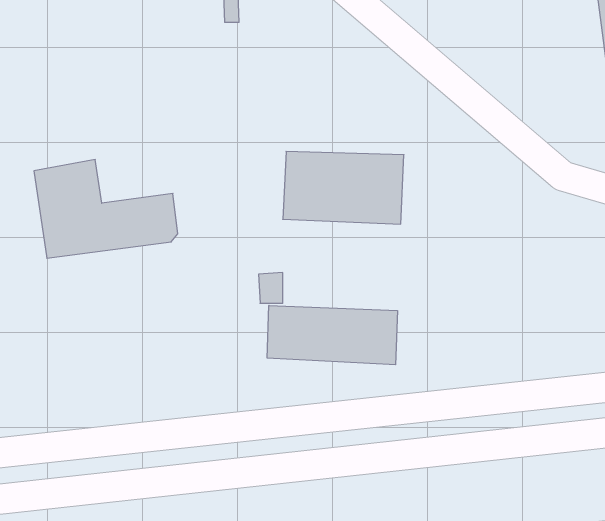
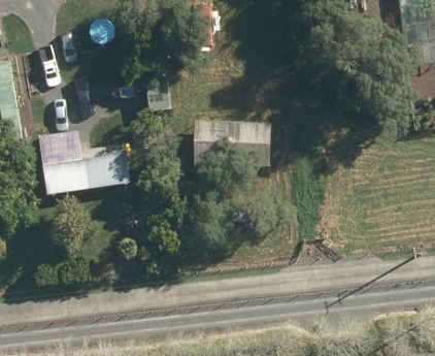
building: [267,305,397,365] -> none

